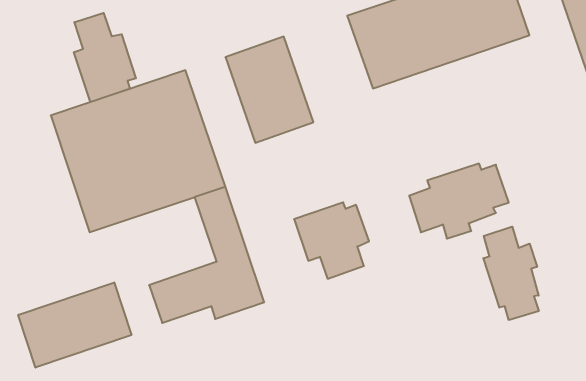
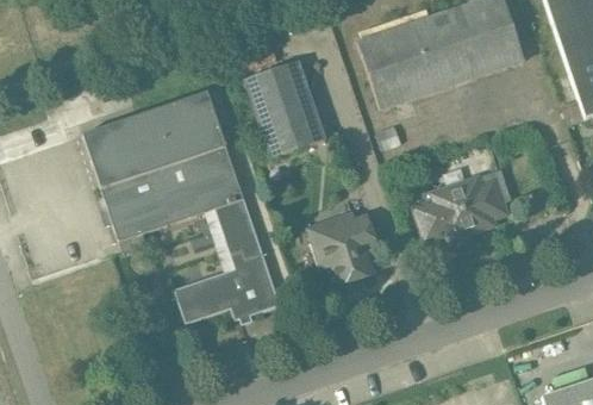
building: [74,13,136,102] -> none
building: [483,227,539,320] -> none
building: [18,282,131,368] -> none

